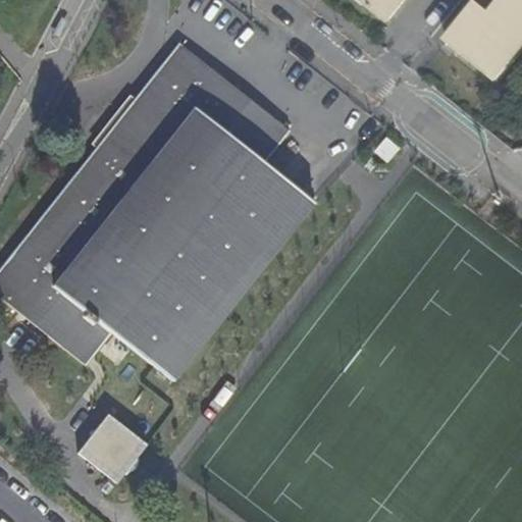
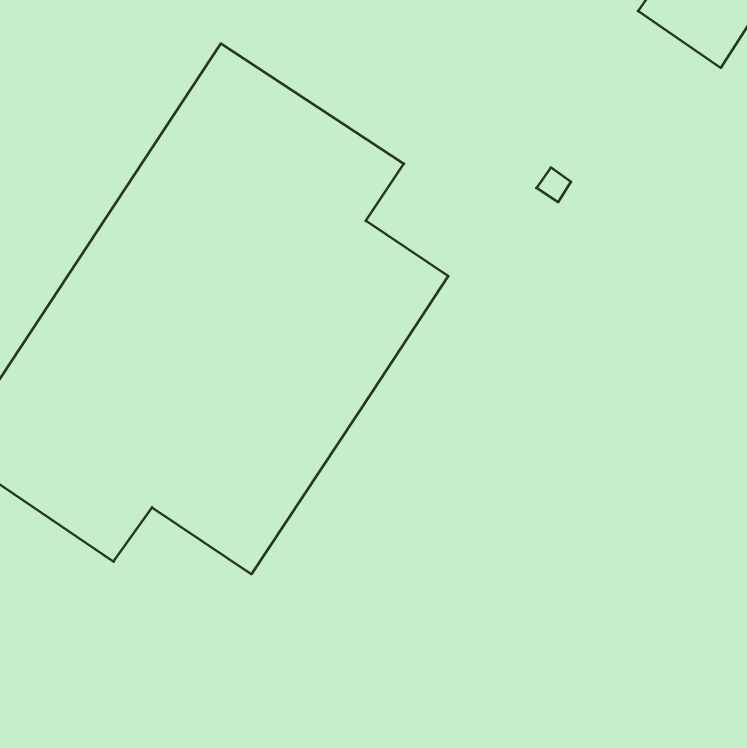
building: [77,413,147,482] -> none

